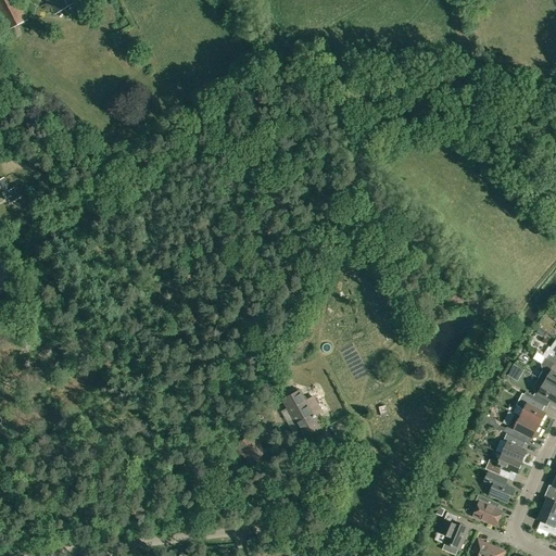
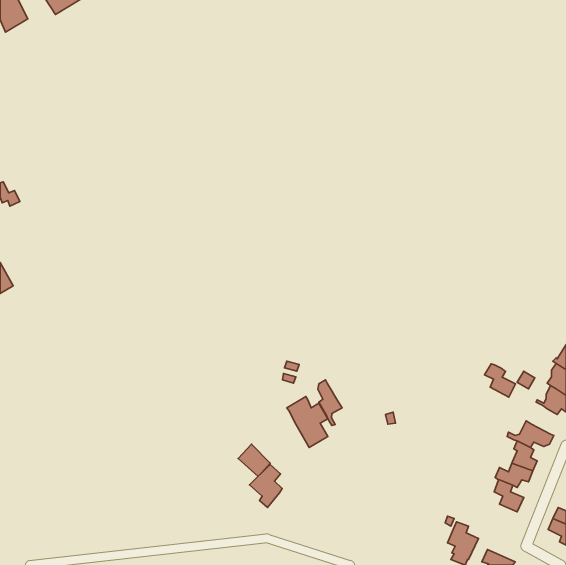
building: none -> [318,380,342,425]
building: [516,393,546,426] -> [485,364,516,397]
building: none -> [249,465,282,508]
building: [473,494,502,525] -> none

